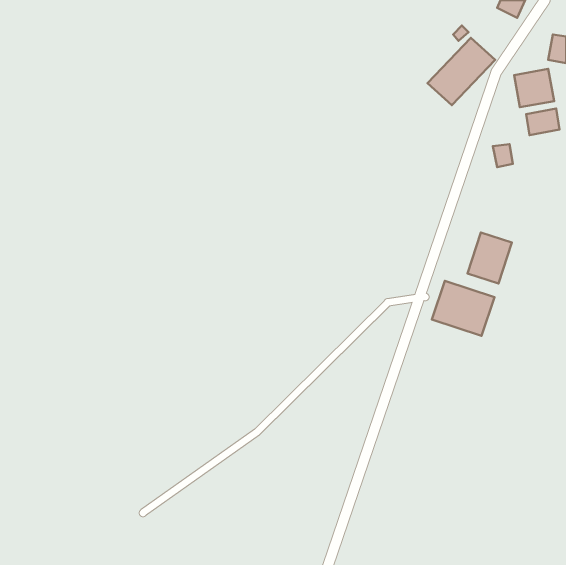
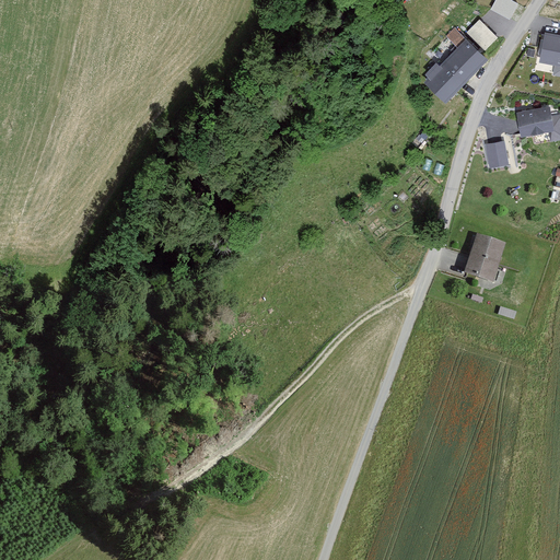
building: none -> [467,18,499,49]
building: [514,69,554,107] -> none
building: [432,281,495,336] -> none

